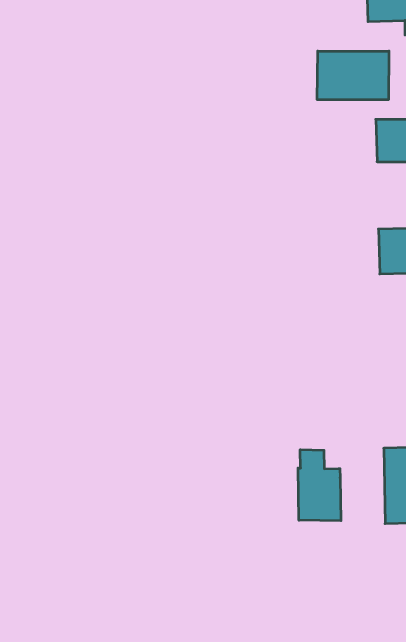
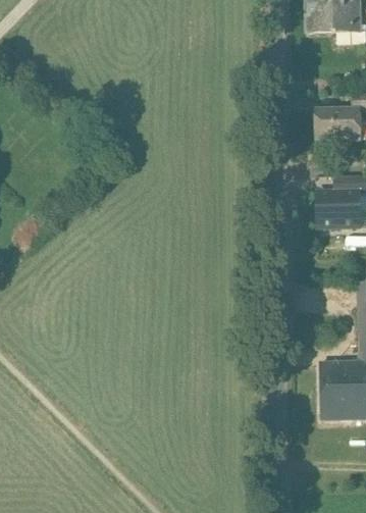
building: [317,51,389,100] -> none
building: [298,450,341,521] -> none

